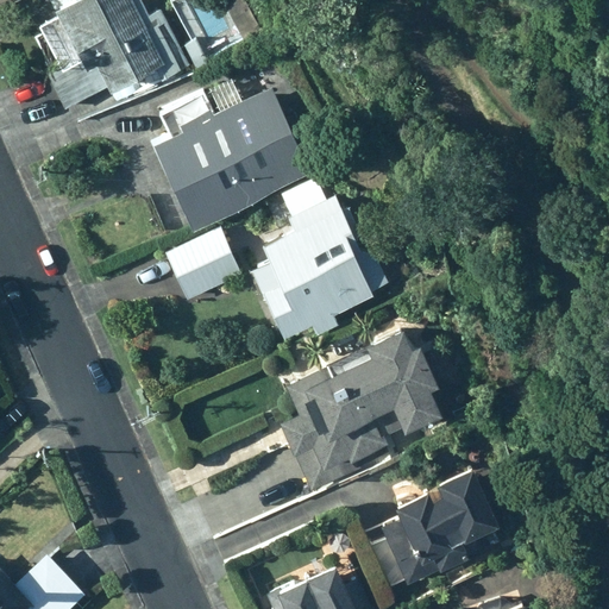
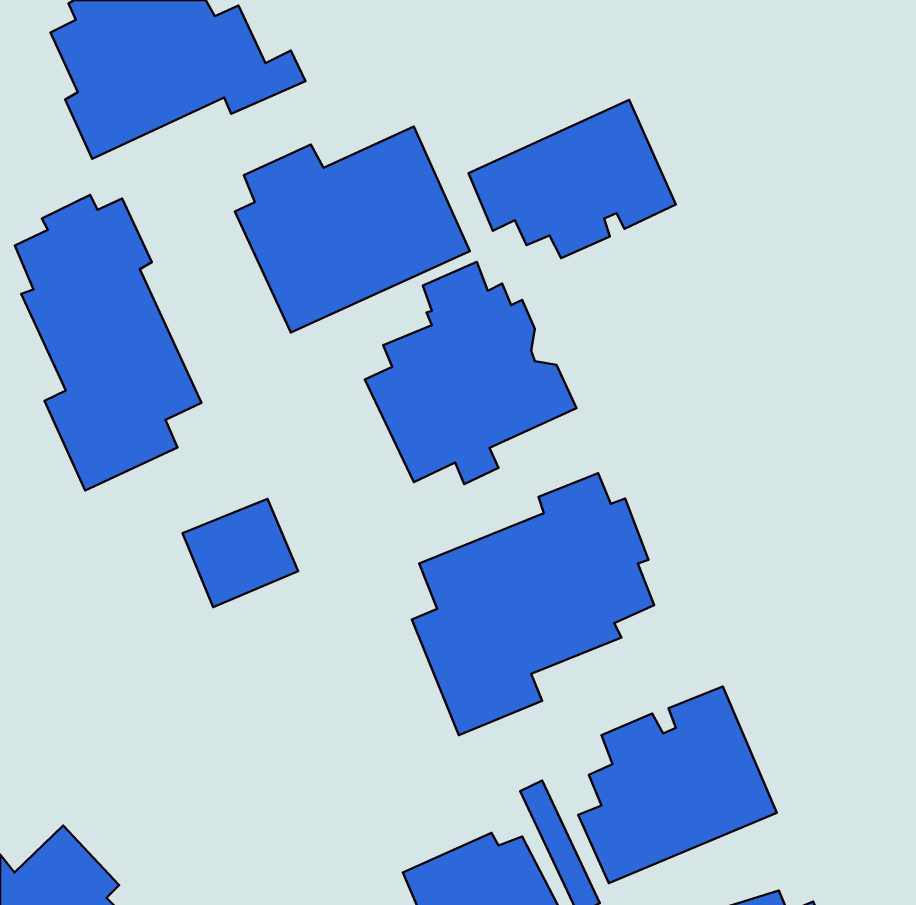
building: none -> [468,100,676,258]
building: none -> [15,195,201,490]
building: [165,233,241,304] -> [182,499,298,607]

